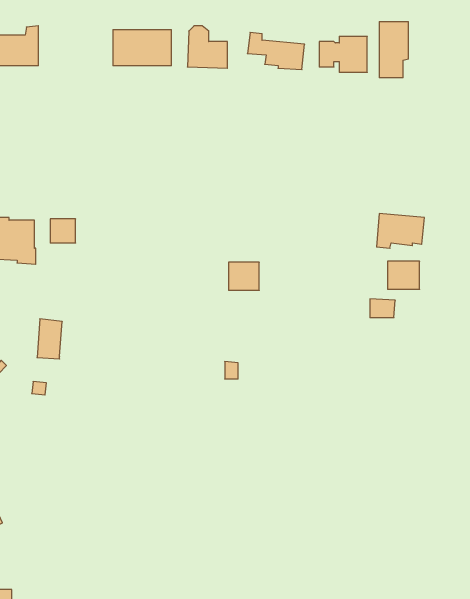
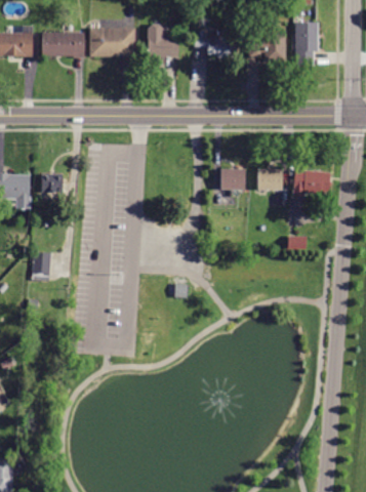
building: none -> [43,32,85,57]
building: [388,261,420,289] -> [258,168,283,190]
building: [229,262,259,290] -> [221,168,245,190]

